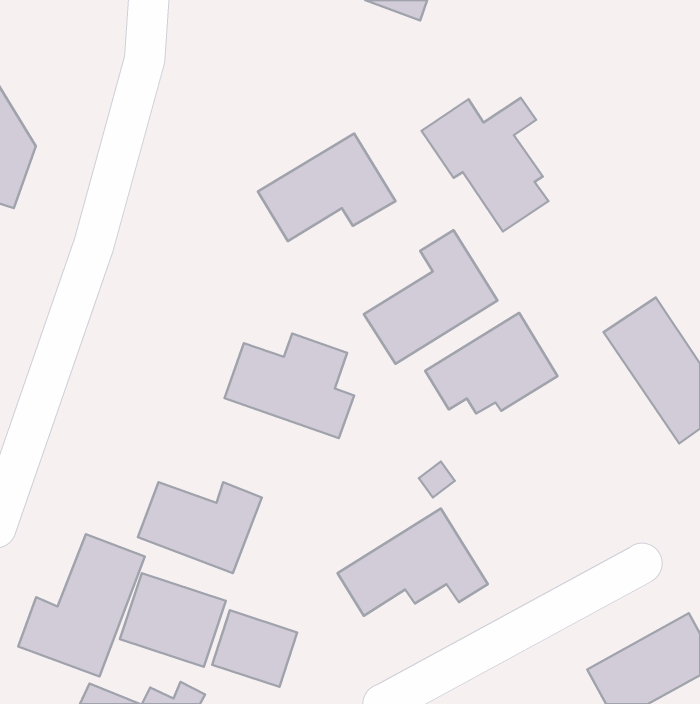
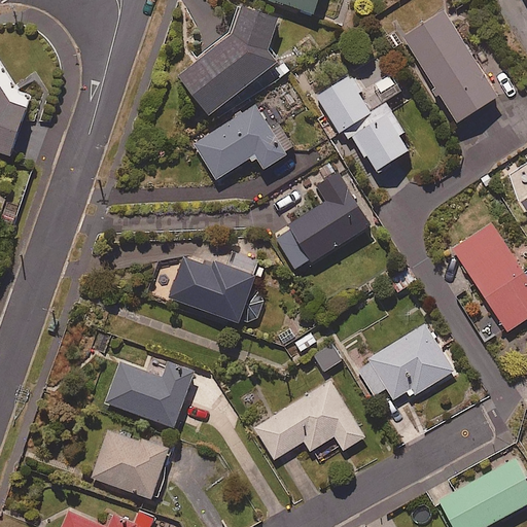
building: none -> [179,6,287,125]
building: none -> [402,10,500,122]
building: [425,313,558,414] -> [354,324,453,399]
building: [18,534,145,677] -> none
building: [212,610,297,687] -> none

